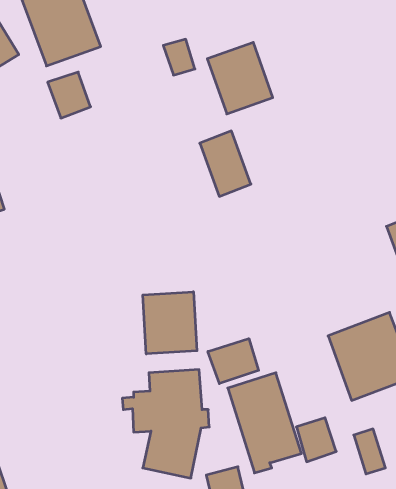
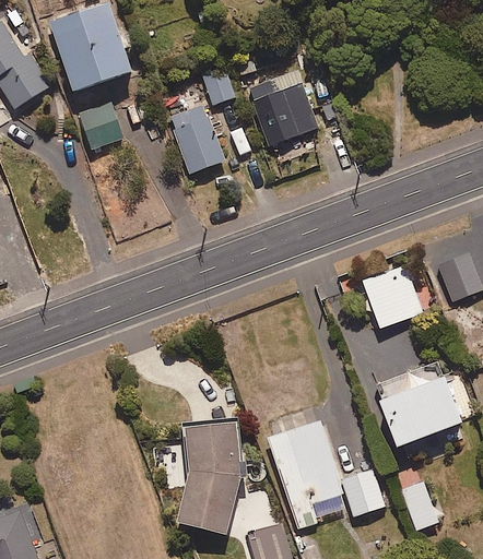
building: [200,131,251,196] -> [170,104,225,174]
building: none -> [362,265,423,329]
building: [143,292,197,354] -> none
building: [208,339,259,384] -> none

